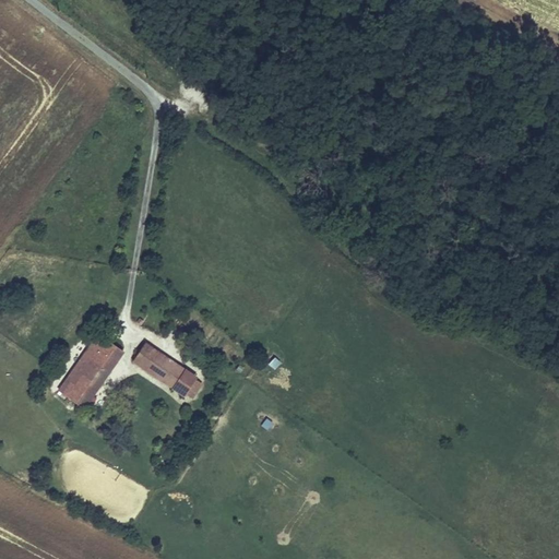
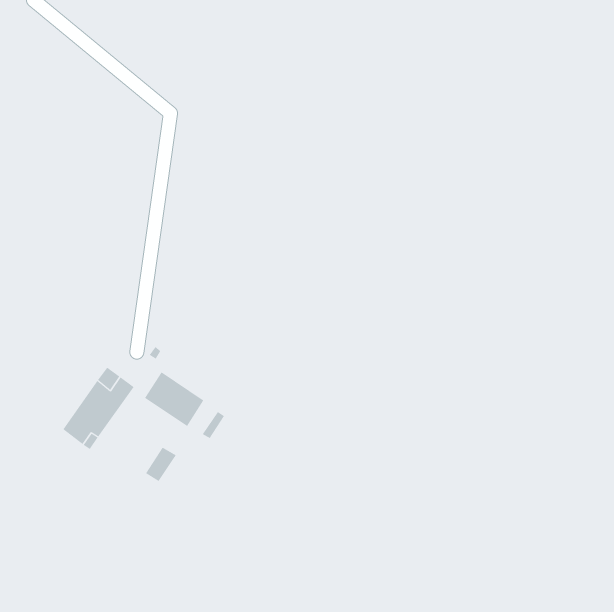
building: [170,366,199,397] -> [145,447,176,482]

